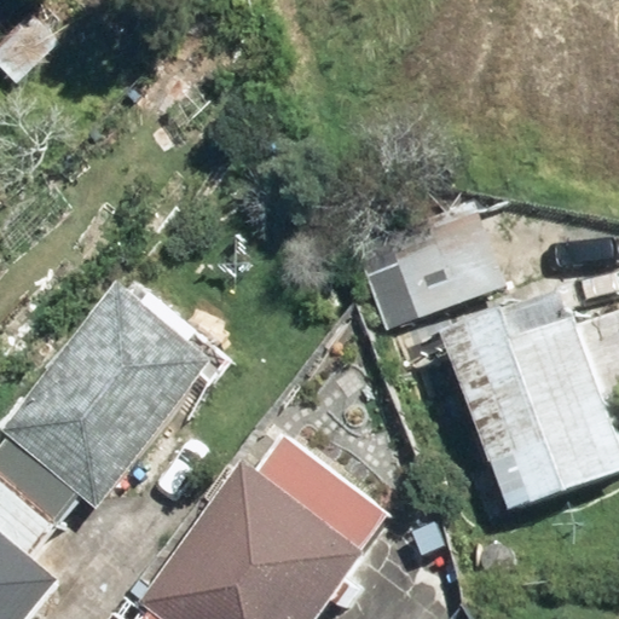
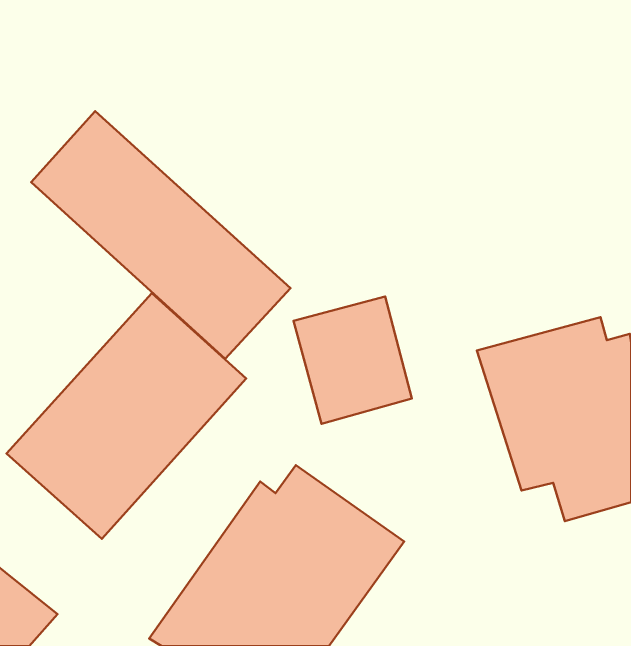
building: none -> [31,111,291,359]
building: [384,201,497,322] -> [293,297,412,424]

